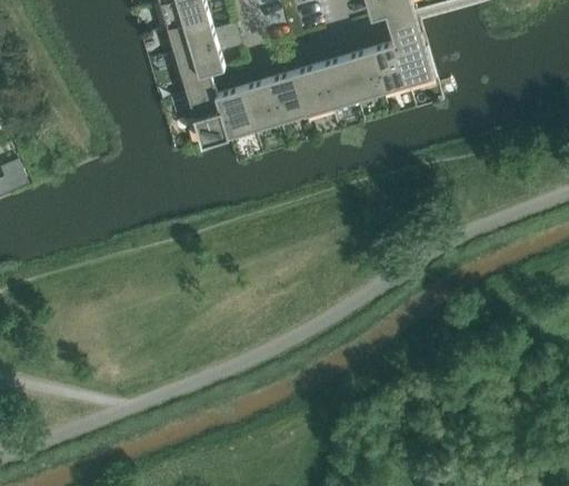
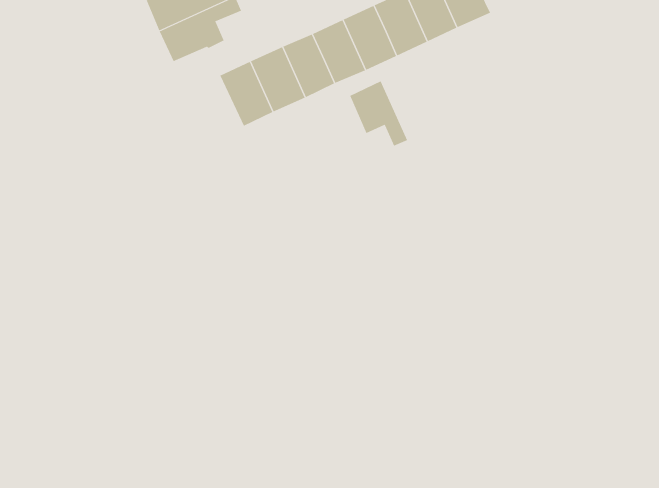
building: [181,71,229,145] -> none
building: none -> [349,81,408,147]

